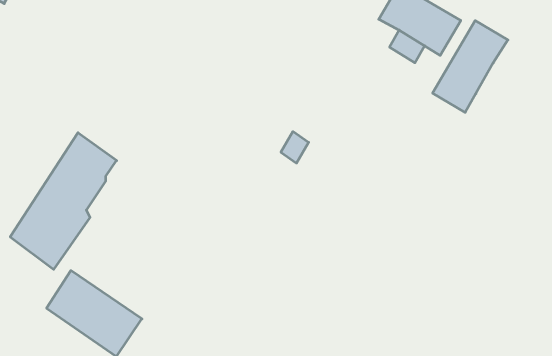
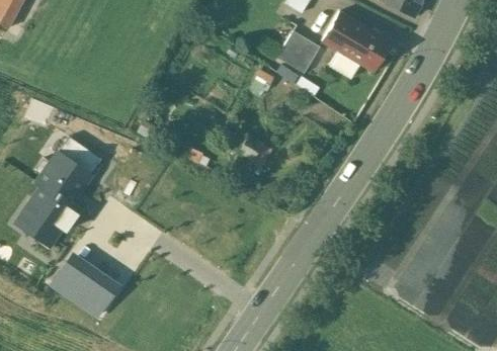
building: none -> [277,31,320,73]
building: [433,21,508,112] -> none

